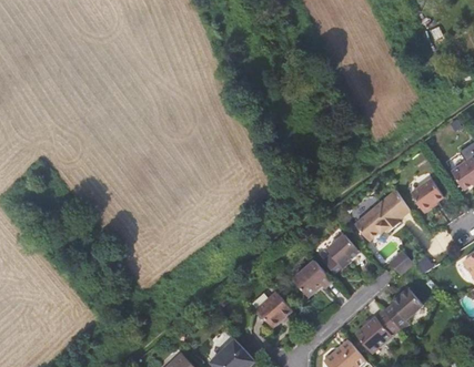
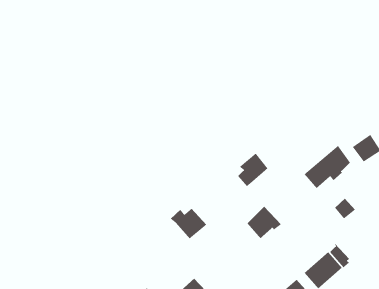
building: [325,232,361,271] -> [237,153,269,187]
building: [392,288,422,318] -> none
building: [251,290,293,326] -> [170,208,207,239]

